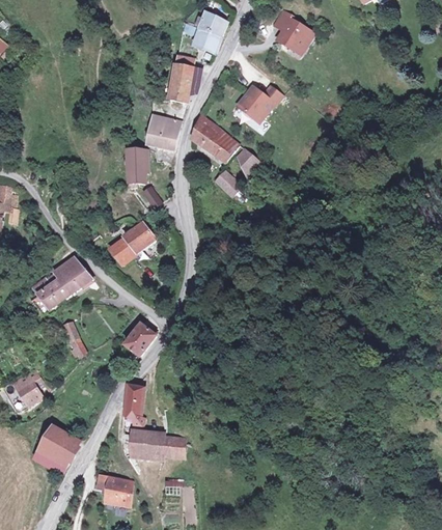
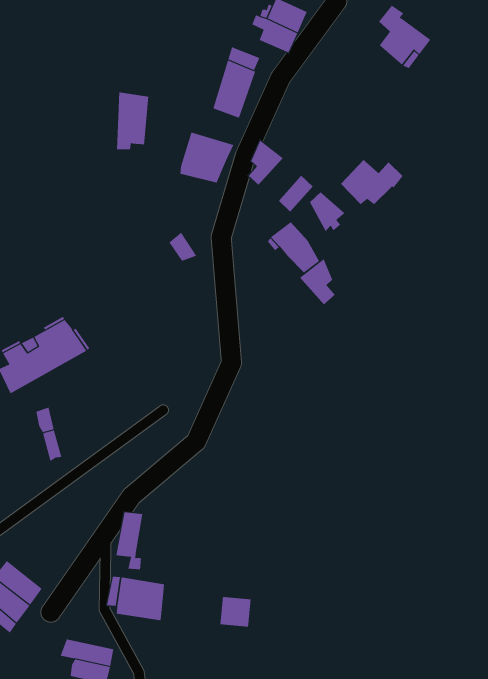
building: [237,87,280,119] -> [340,159,403,205]
building: [203,127,232,157] -> none
building: [123,147,145,188] -> [116,92,149,150]
building: none -> [299,258,335,305]
building: [114,224,161,266] -> none
building: [122,326,156,365] -> none
building: [164,435,185,454] -> [220,596,252,627]

